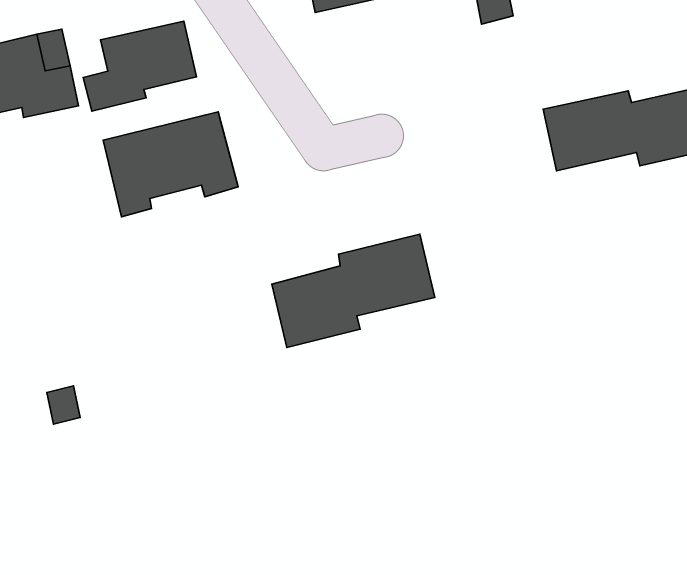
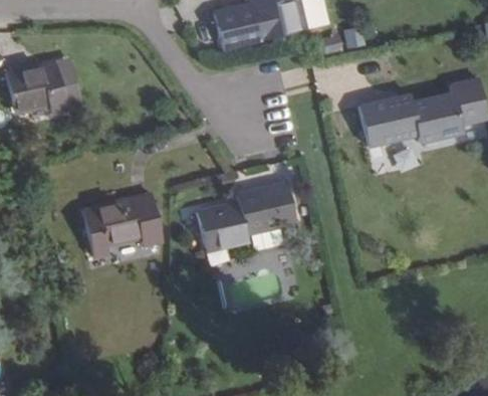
building: [83,21,197,111] -> none
building: [103,112,238,217] -> [82,193,164,256]

